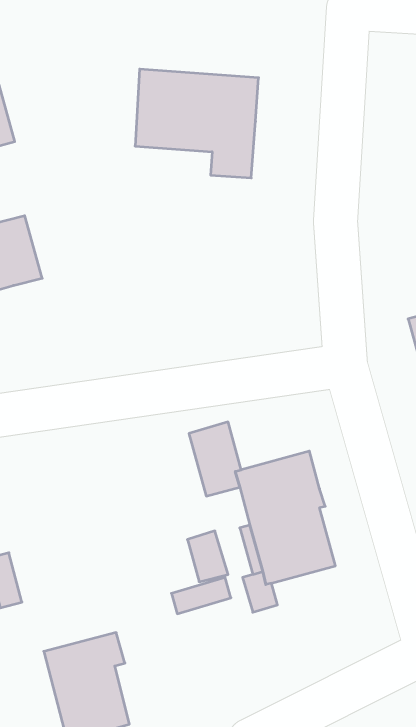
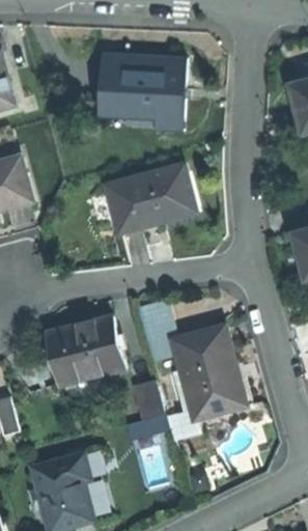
building: none -> [104,165,194,235]
building: none -> [47,319,124,387]

